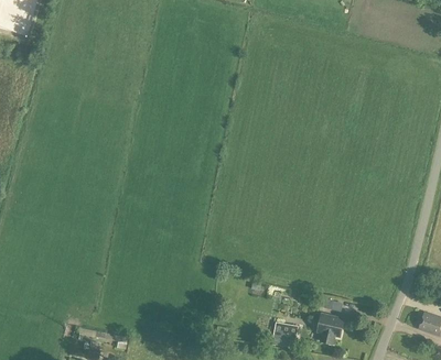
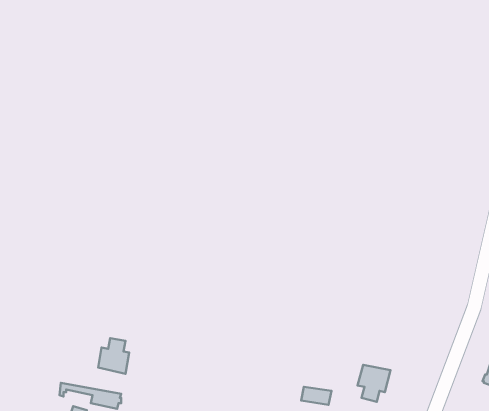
building: none -> [98,338,129,374]

